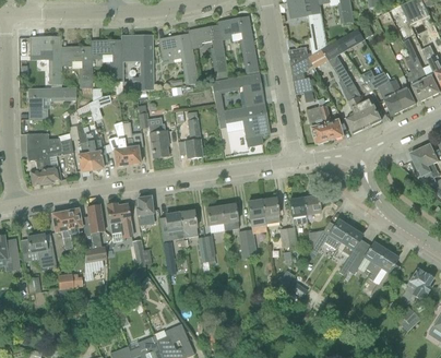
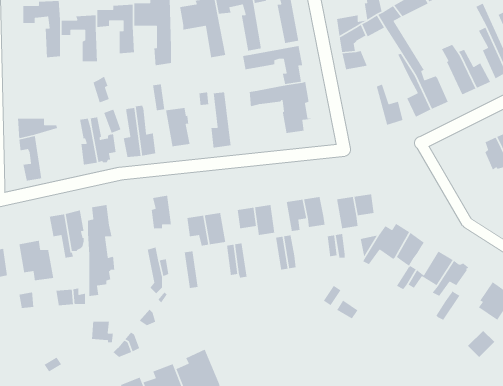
building: [27,86,75,118] -> none
building: [306,105,330,143] -> none
building: [40,138,72,182] -> none
building: [106,202,132,240] -> none

